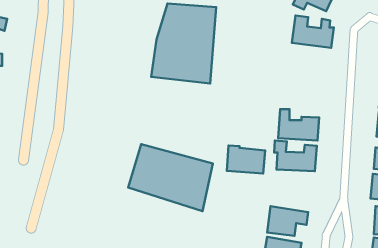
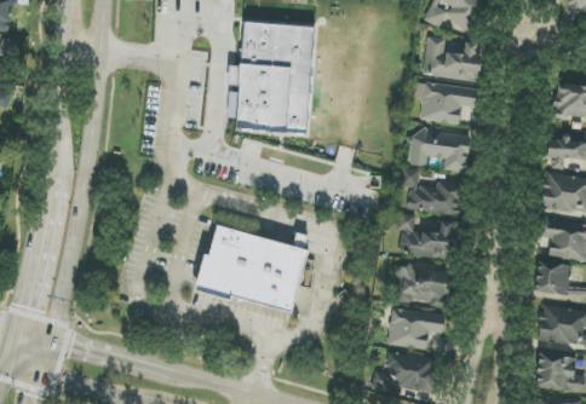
building: none -> [418,82,477,123]
building: none -> [412,131,470,172]
building: [227,145,265,173] -> [395,265,449,305]

